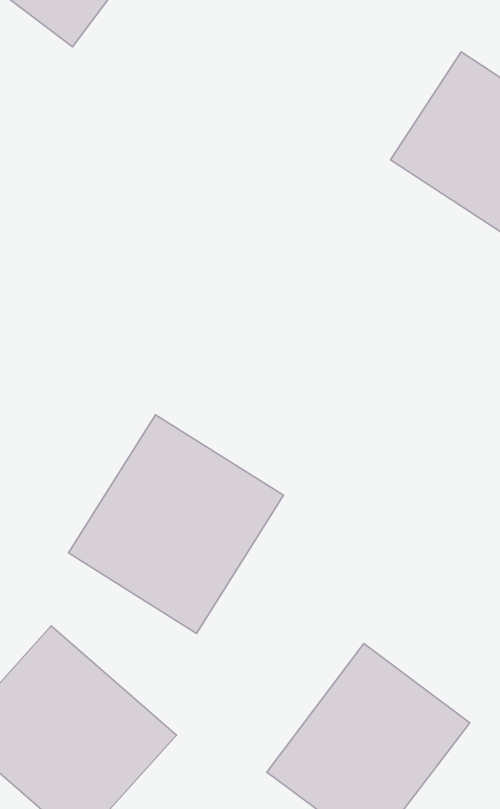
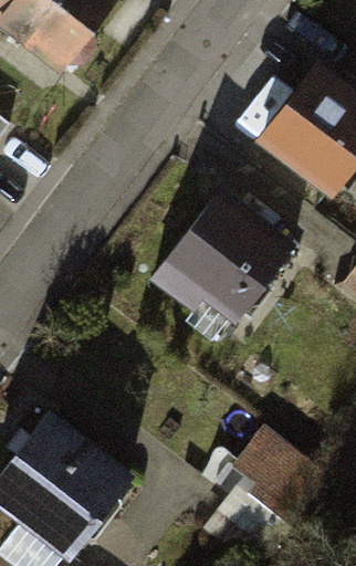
building: none -> [154,196,292,338]
building: [68,415,283,633] -> none

